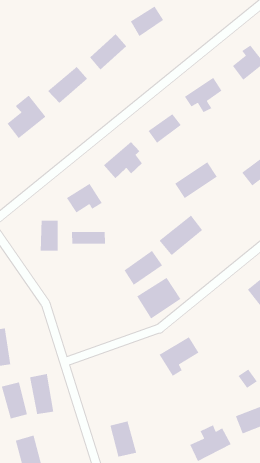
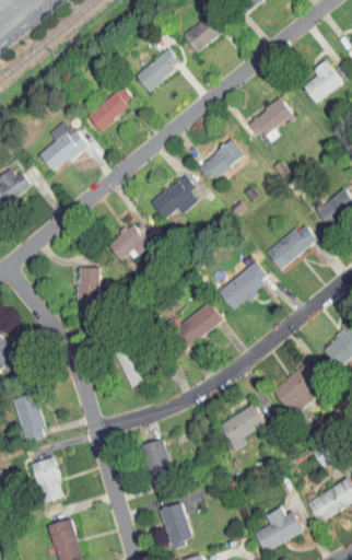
building: [174,161,218,199] -> [267,223,318,268]
building: [71,231,106,245] -> none
building: [136,277,182,319] -> [271,364,325,415]
building: none -> [115,346,144,387]
building: [29,373,54,415] -> [143,440,173,489]

